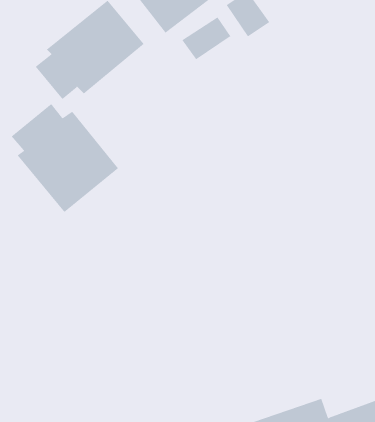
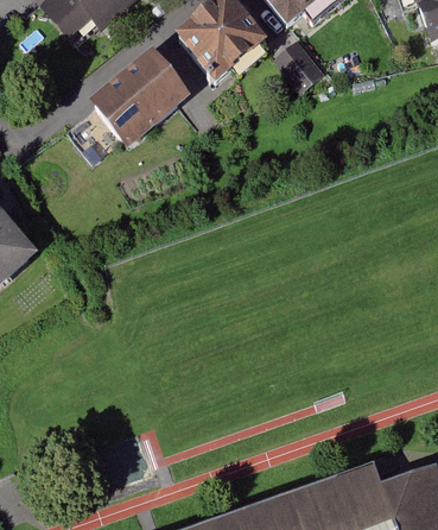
building: [181,16,231,60] -> none
building: [11,103,119,213] -> none

